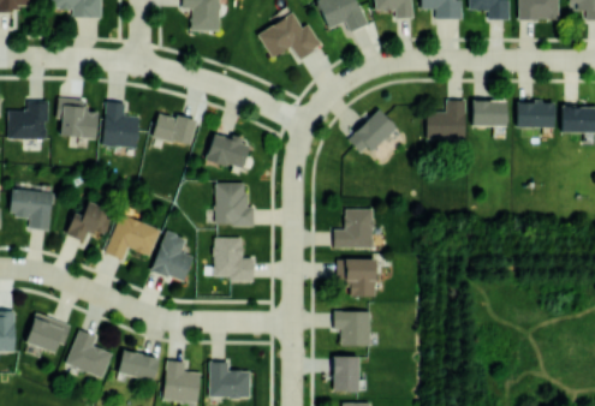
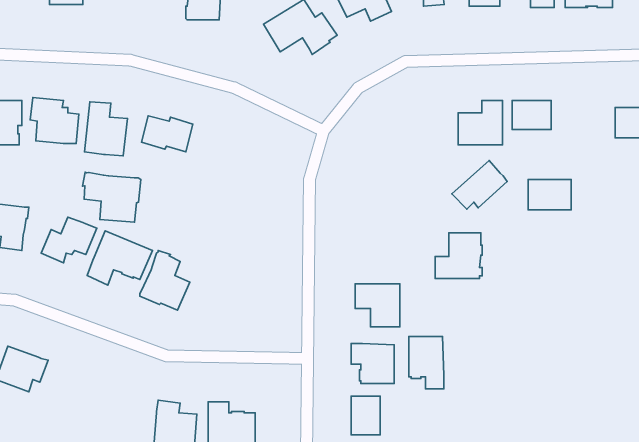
building: [517,102,554,129] -> [528,179,571,210]
building: [347,111,395,153] -> [452,161,507,209]
building: [204,135,249,169] -> none
building: none -> [83,172,141,222]
building: [215,183,254,227] -> none
building: [333,209,374,249] -> [435,233,482,279]
building: [213,238,252,281] -> none
building: none -> [409,337,444,389]
building: [65,329,112,378] -> none
building: [118,350,159,382] -> none

